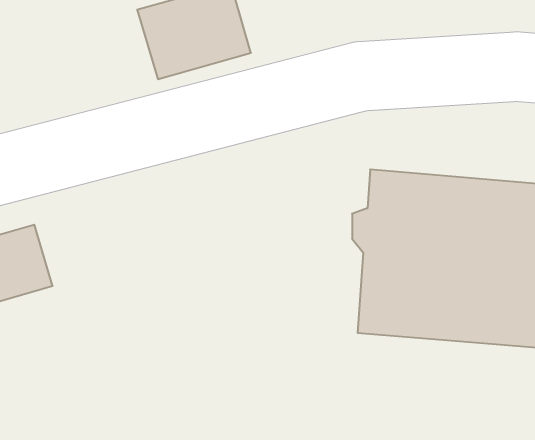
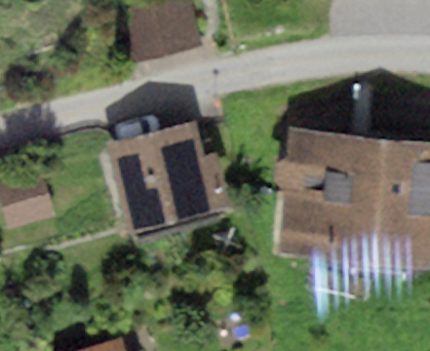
building: none -> [105,122,231,234]

